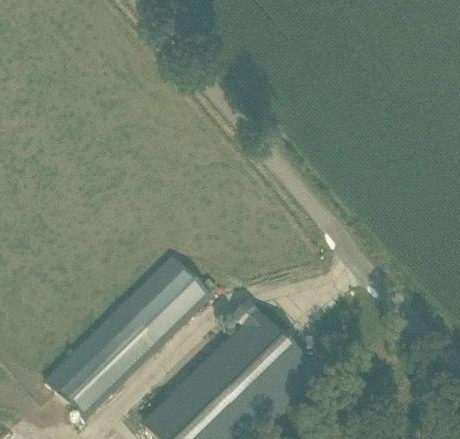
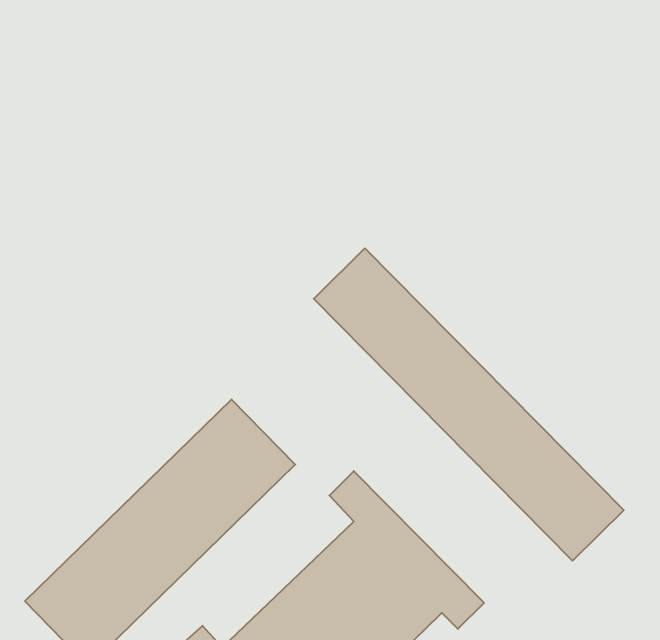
building: none -> [314,248,624,561]

